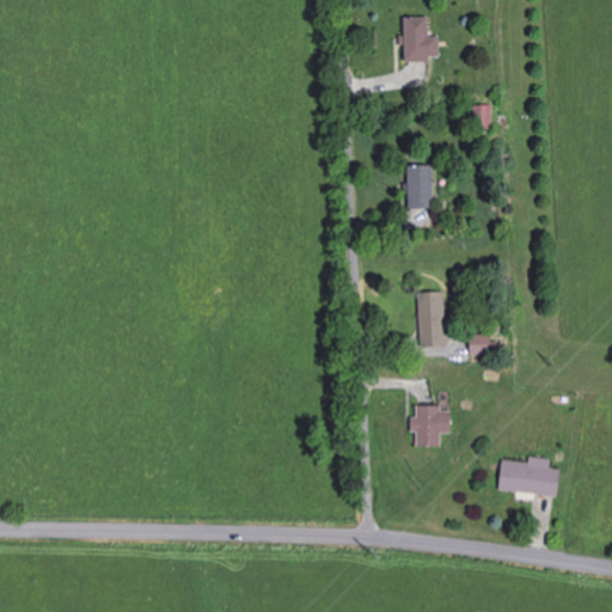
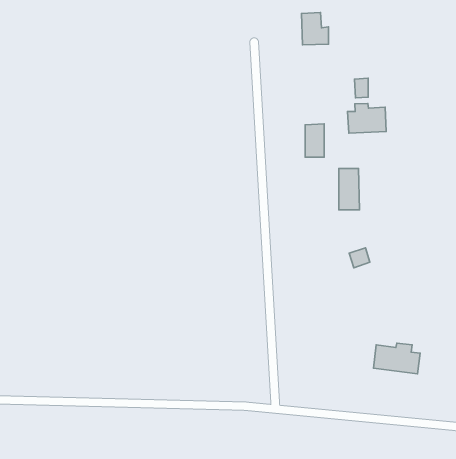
building: none -> [348,103,386,133]
building: [417,292,445,347] -> [339,169,359,210]
building: [409,405,449,447] -> none

